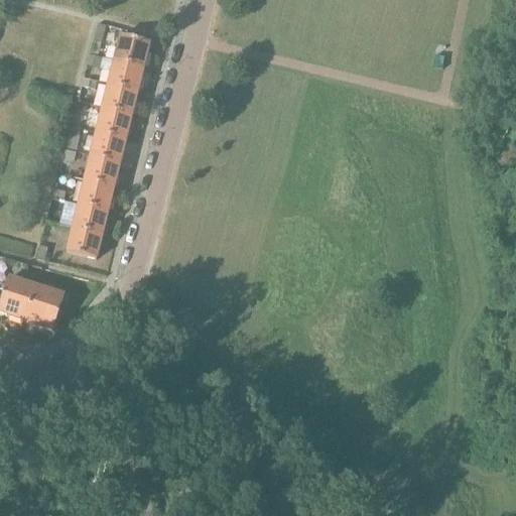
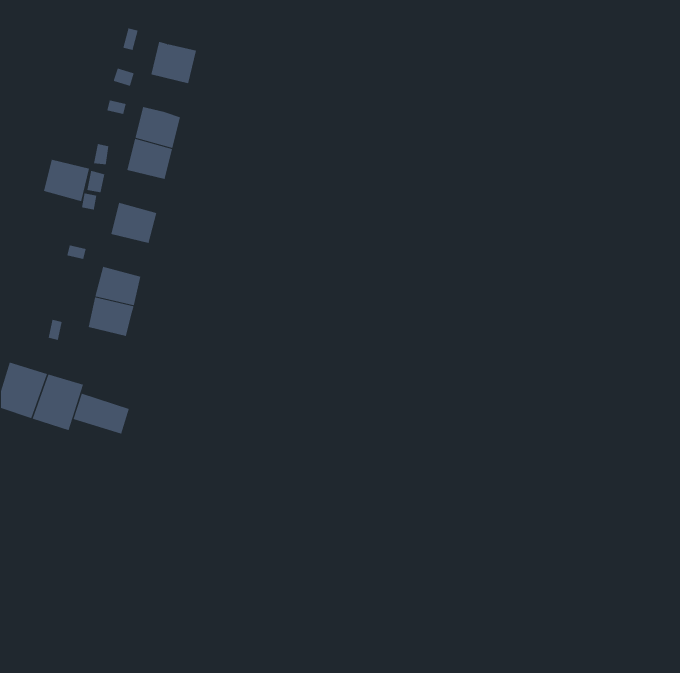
building: [108,56,143,89] -> none
building: [90,129,125,161] -> [43,159,90,202]
building: [78,177,113,210] -> none
building: none -> [73,393,129,434]

